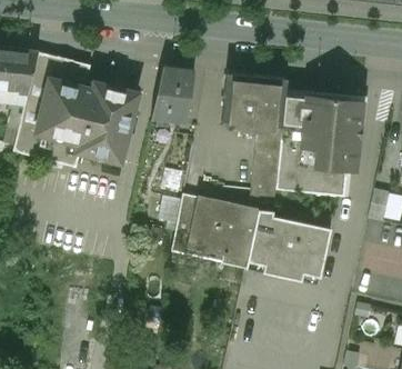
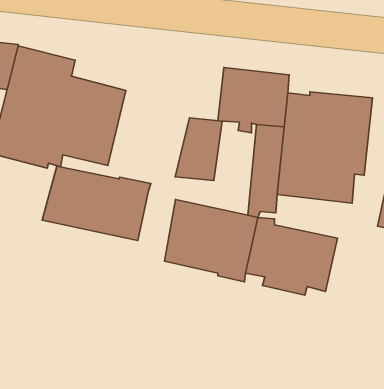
building: [152,66,195,123] -> [175,118,222,181]
building: none -> [42,166,151,240]

